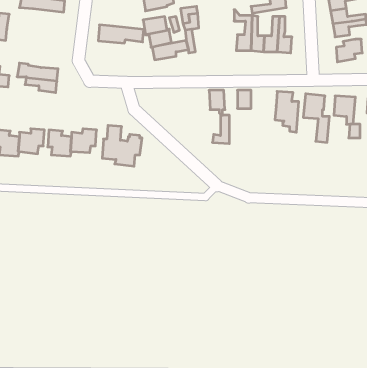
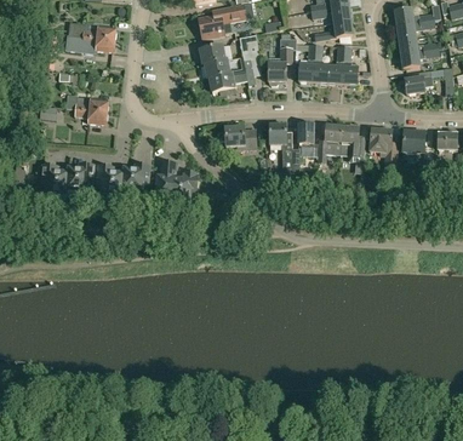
building: none -> [268,38,296,85]
building: [98,25,144,43] -> [65,35,114,55]
building: none -> [316,124,342,164]
building: none -> [224,126,256,149]

